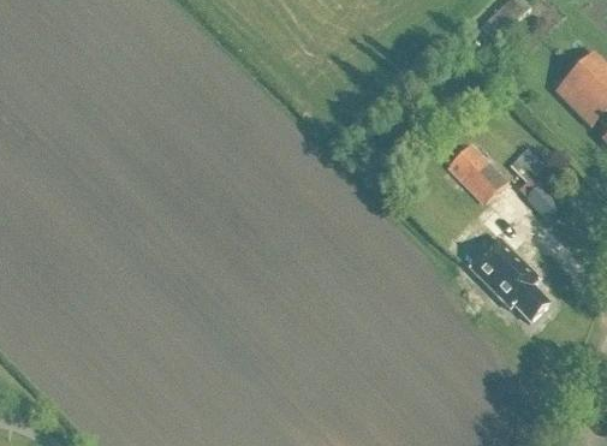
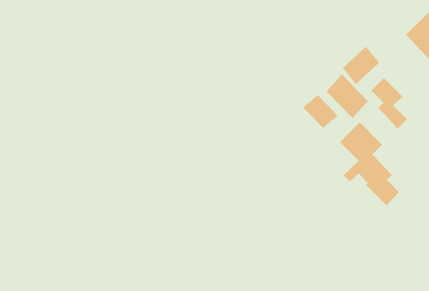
building: none -> [342,46,380,85]
building: none -> [302,94,339,129]

